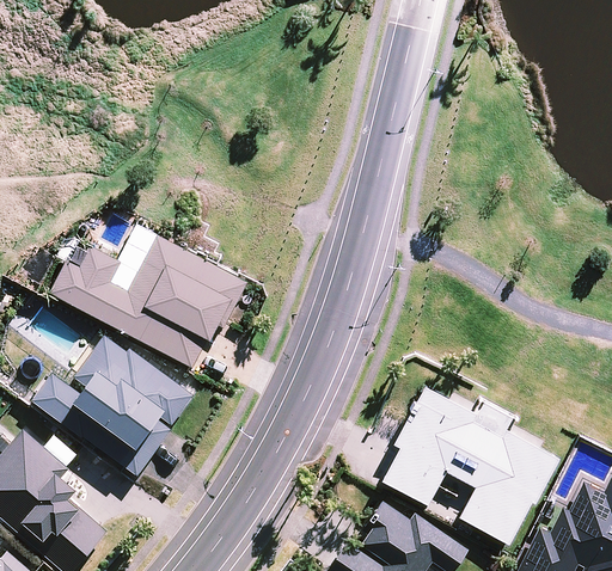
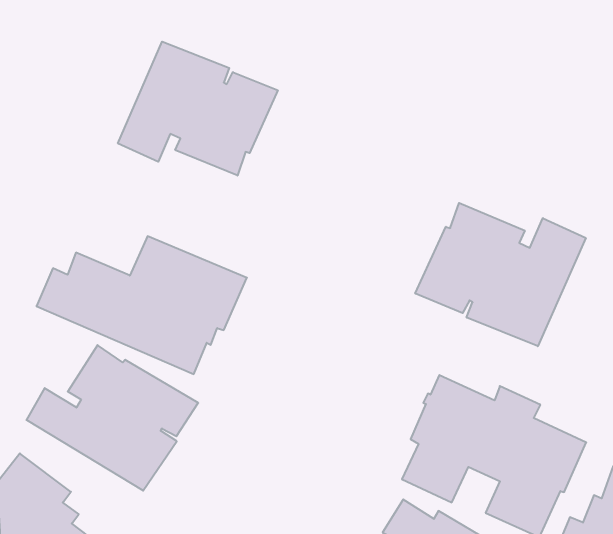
building: none -> [118,42,278,176]
building: none -> [415,203,586,346]

